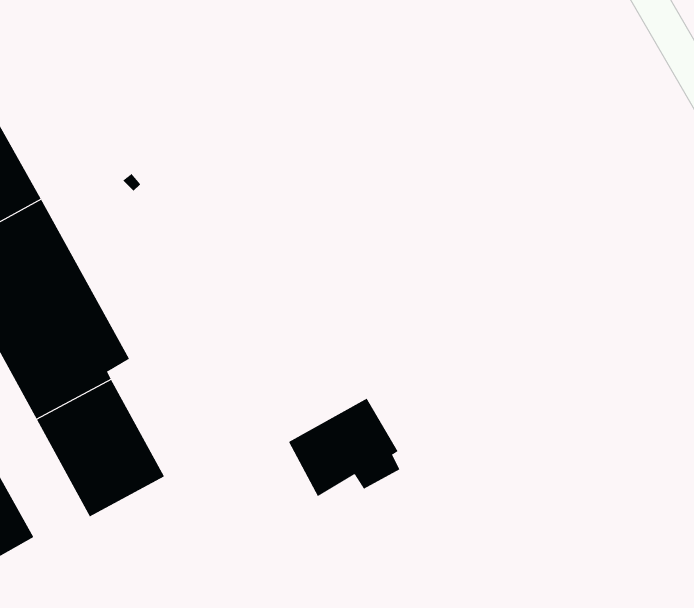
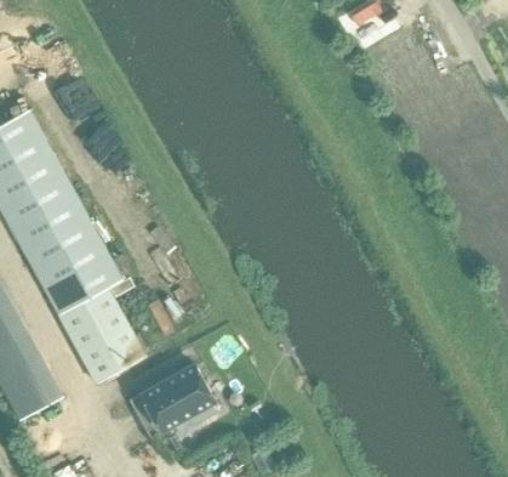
building: [288,398,400,497] -> [142,365,216,431]

